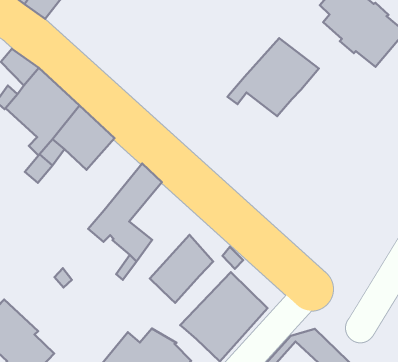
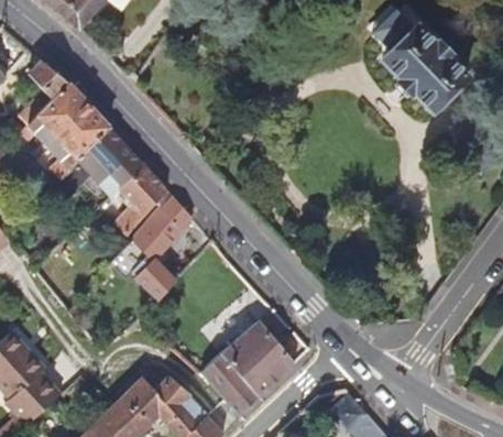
building: [228,38,319,116] -> none
building: none -> [113,166,167,233]
building: [150,235,213,303] -> none

